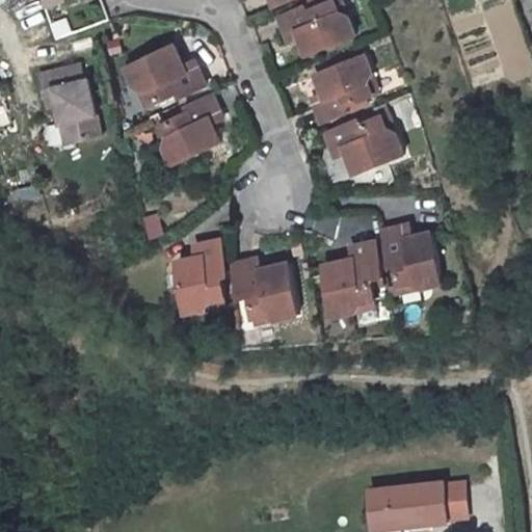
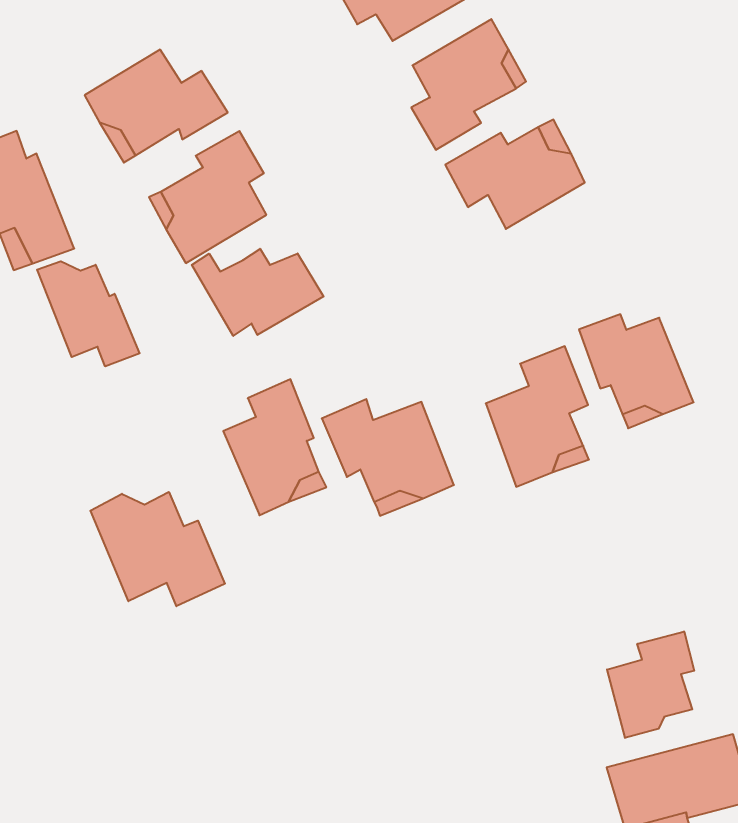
building: none -> [37,261,140,366]
building: none -> [192,249,324,336]
building: none -> [90,492,225,606]
building: none -> [607,631,694,738]

